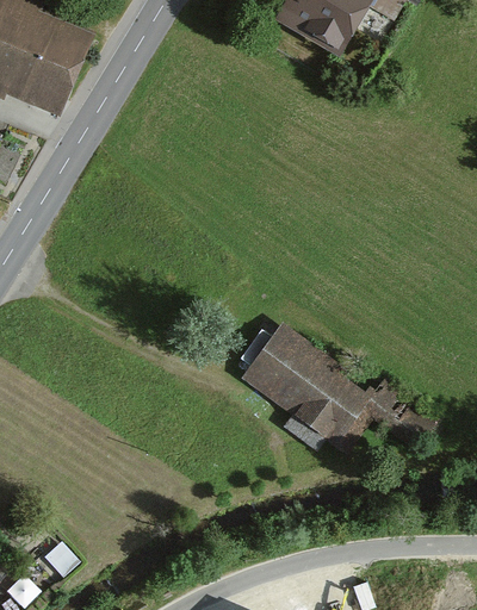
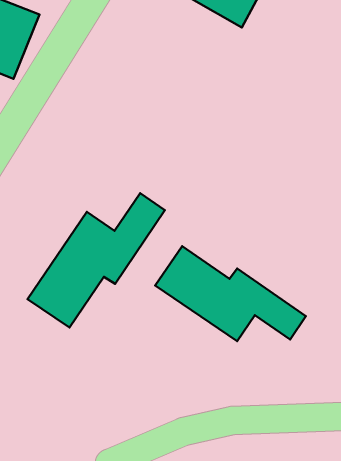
building: none -> [27,193,165,327]

